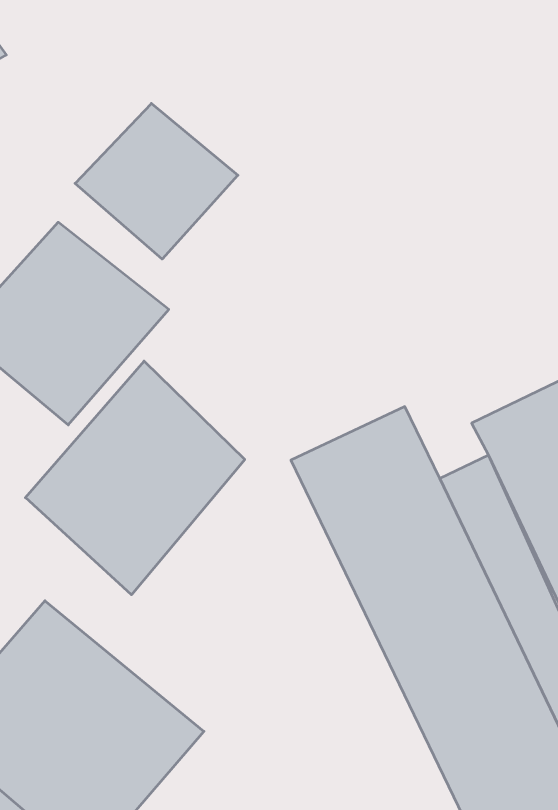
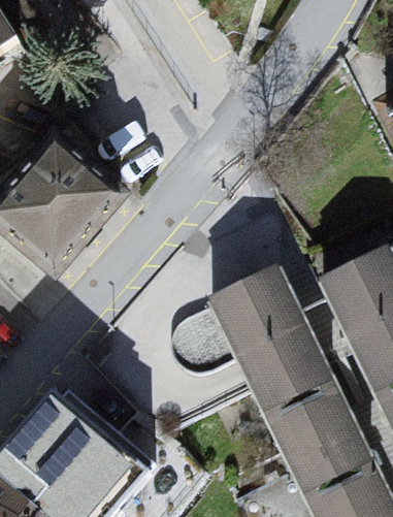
building: [75,103,238,259] -> none
building: [25,361,245,595] -> none

